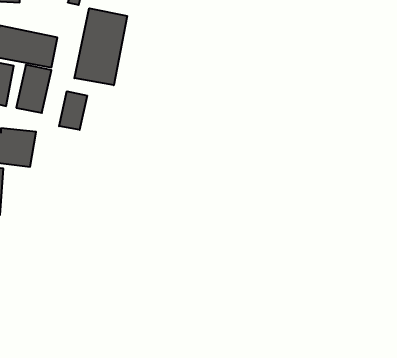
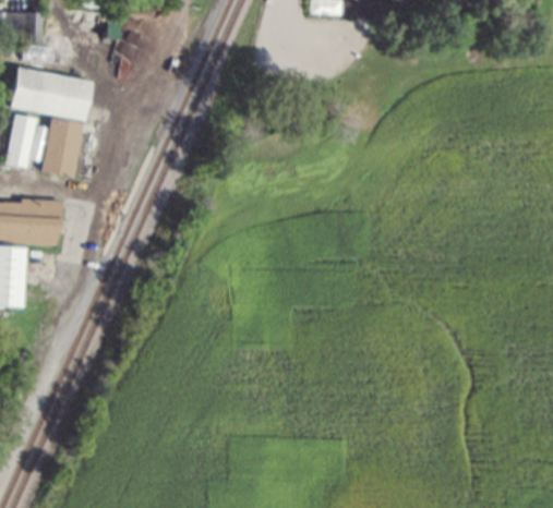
building: [74,8,127,85] -> none
building: [59,91,87,130] -> none

